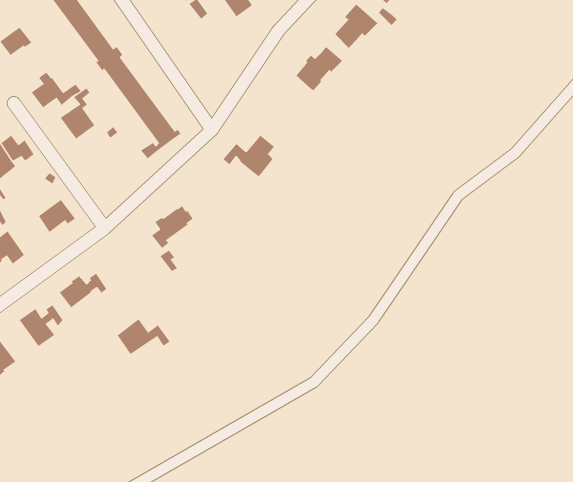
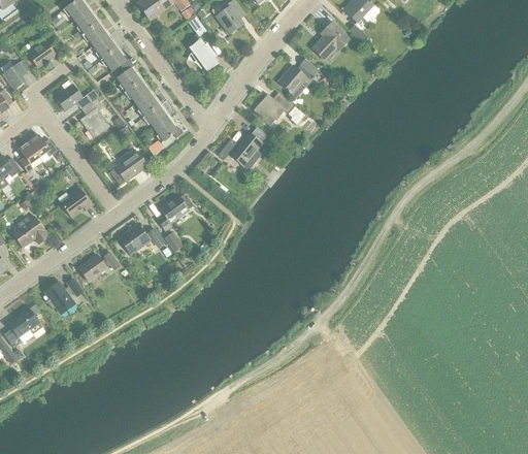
building: none -> [187,39,214,68]
building: none -> [254,93,303,123]
building: none -> [108,150,146,184]
building: [117,319,170,355] -> [118,222,163,253]

